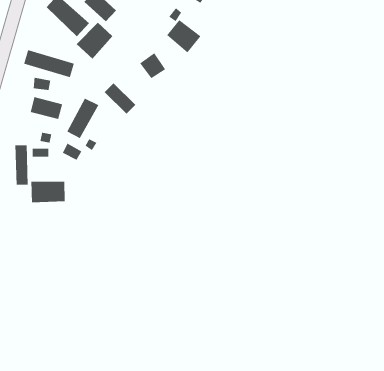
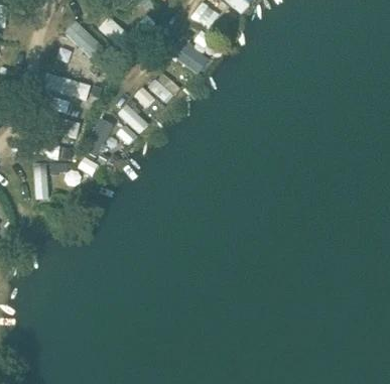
building: [76,22,113,60] -> none
building: [31,181,66,203] -> none

